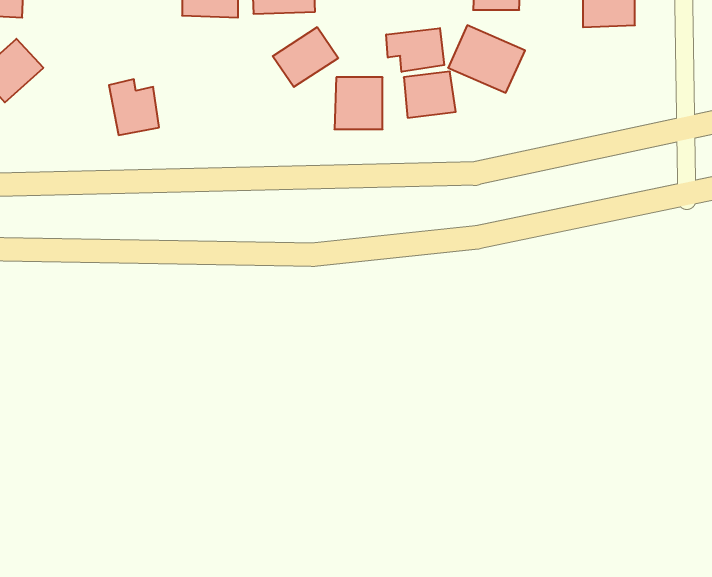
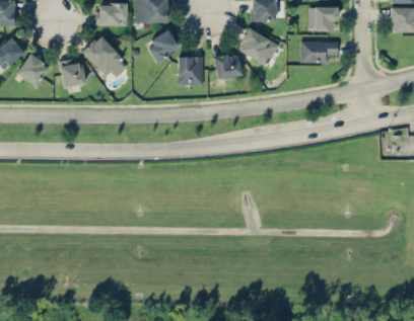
building: [386,28,444,72] -> none
building: none -> [81,34,123,76]
building: none -> [300,41,337,63]
building: none -> [16,54,49,86]

